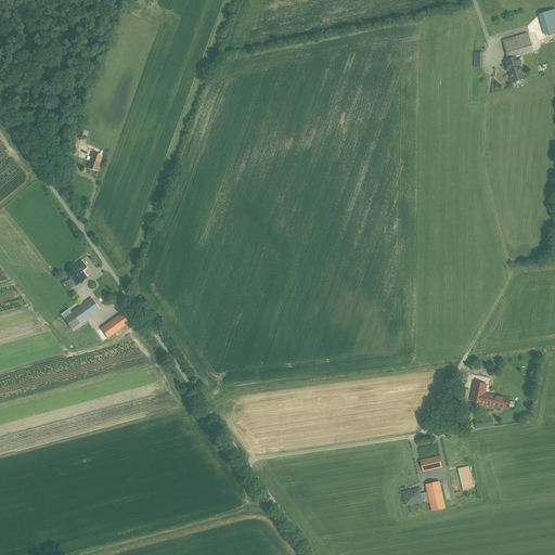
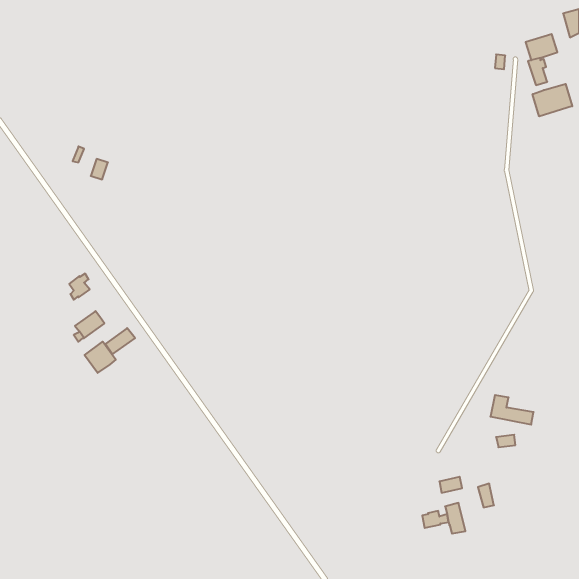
building: none -> [533,84,572,116]
building: none -> [85,342,116,373]

